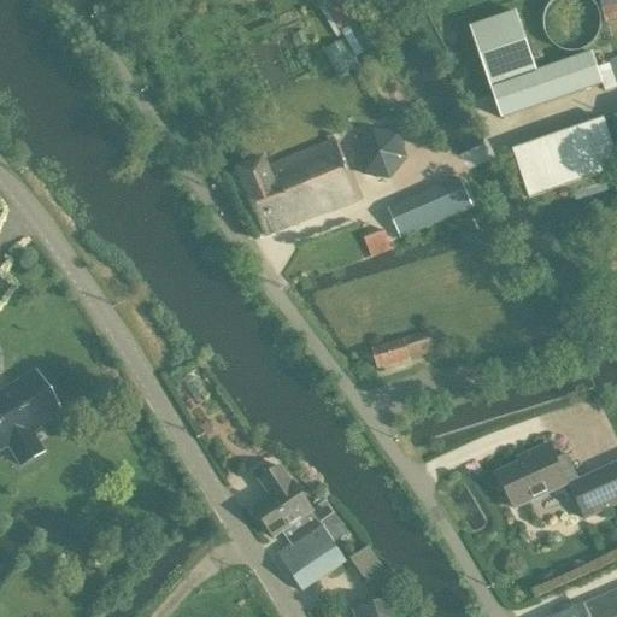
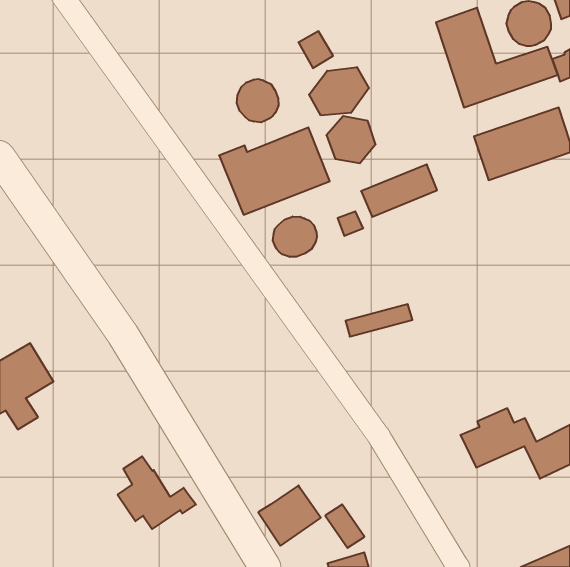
building: none -> [309,67,369,115]
building: none -> [237,79,278,122]
building: none -> [273,216,317,257]
building: [254,465,339,543] -> [118,456,196,529]

